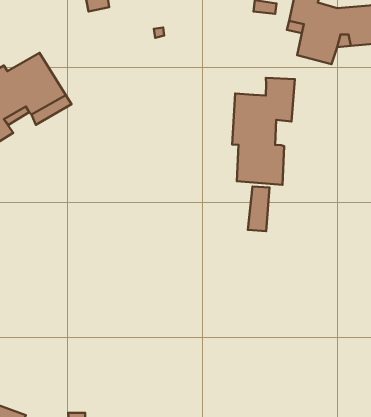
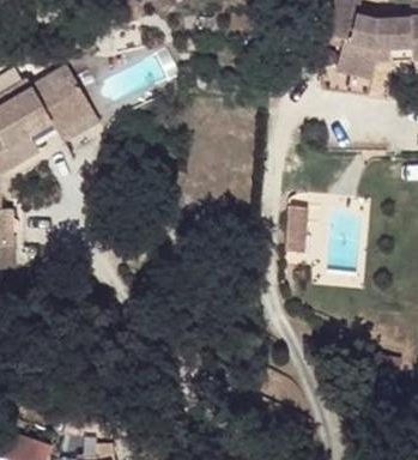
building: [232,78,295,185] -> none

